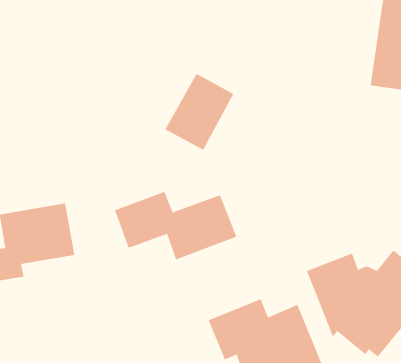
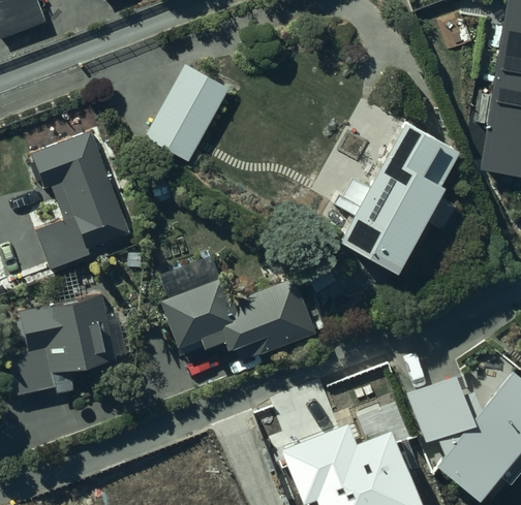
building: none -> [342,112,463,259]
building: none -> [31,136,130,275]
building: [165,73,234,150] -> [147,73,234,169]

